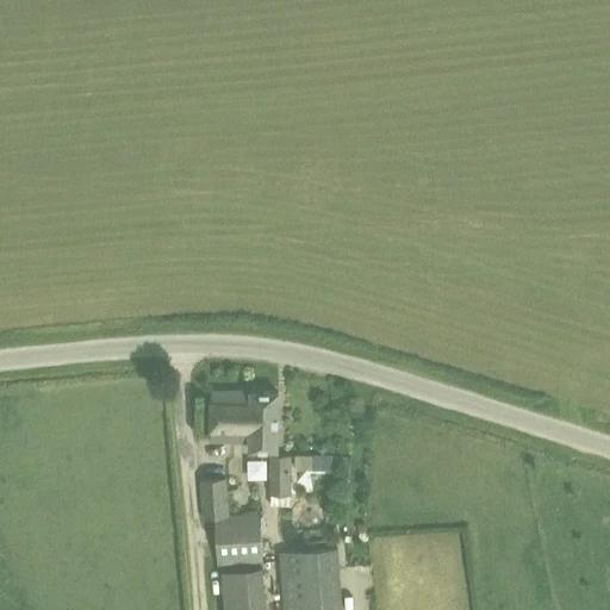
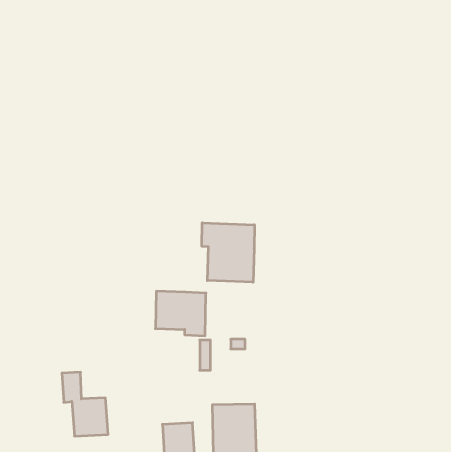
building: none -> [202,223,254,282]
building: [199,480,261,566] -> [62,372,108,436]

